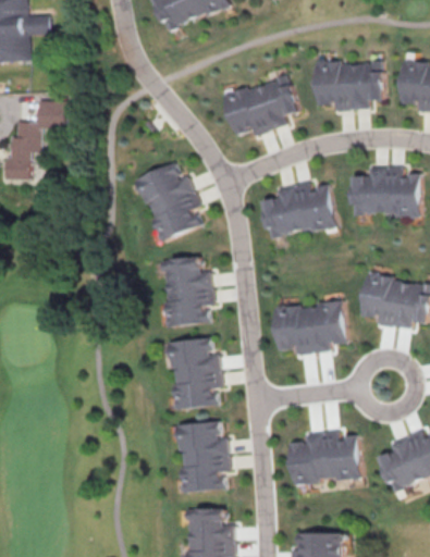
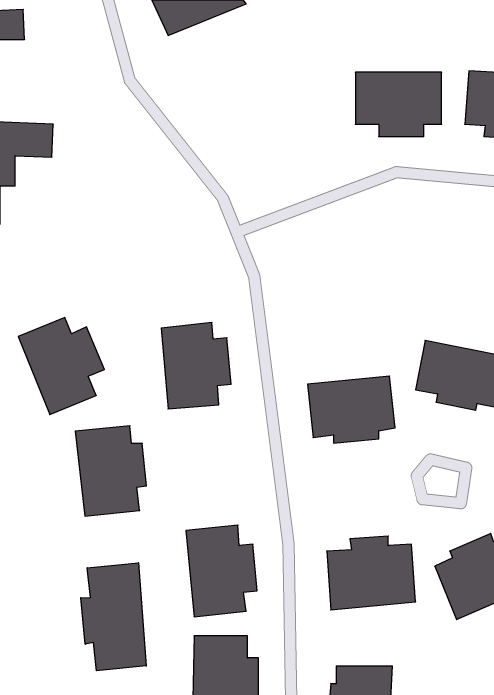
building: [221,75,297,136] -> none
building: [135,162,204,239] -> [18,317,104,415]
building: [351,163,418,215] -> none
building: [262,181,334,242] -> none
building: [167,337,223,409] -> [75,426,146,516]
building: none -> [81,563,146,671]

